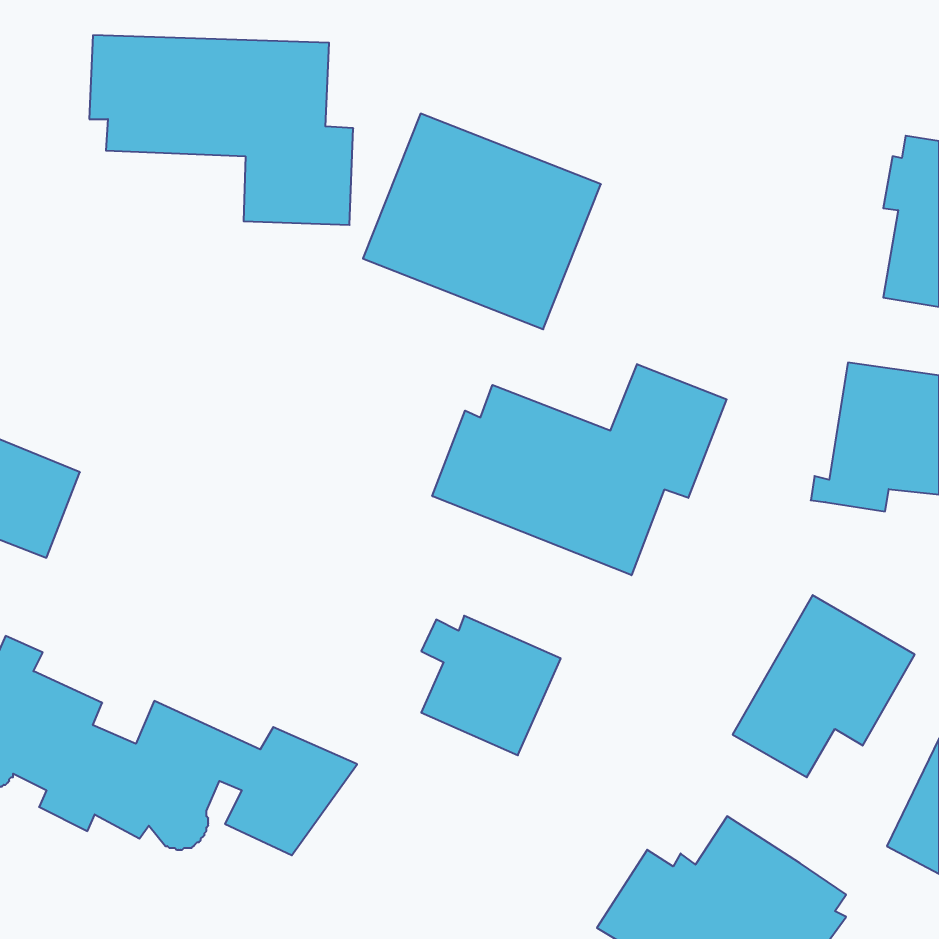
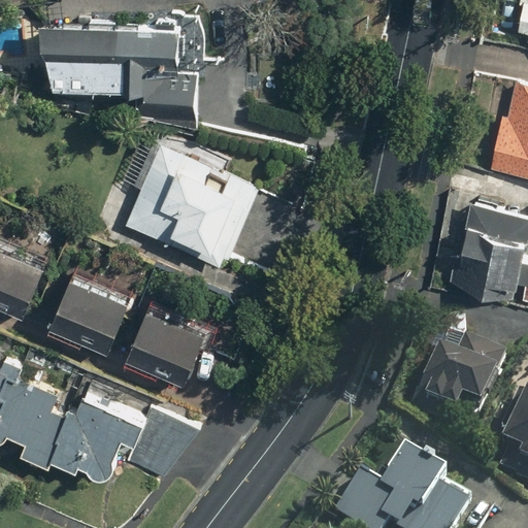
building: [363,114,601,329] -> [125,147,257,267]
building: [432,364,727,575] -> none
building: none -> [52,272,132,352]
building: [421,616,561,755] -> [129,305,206,383]

